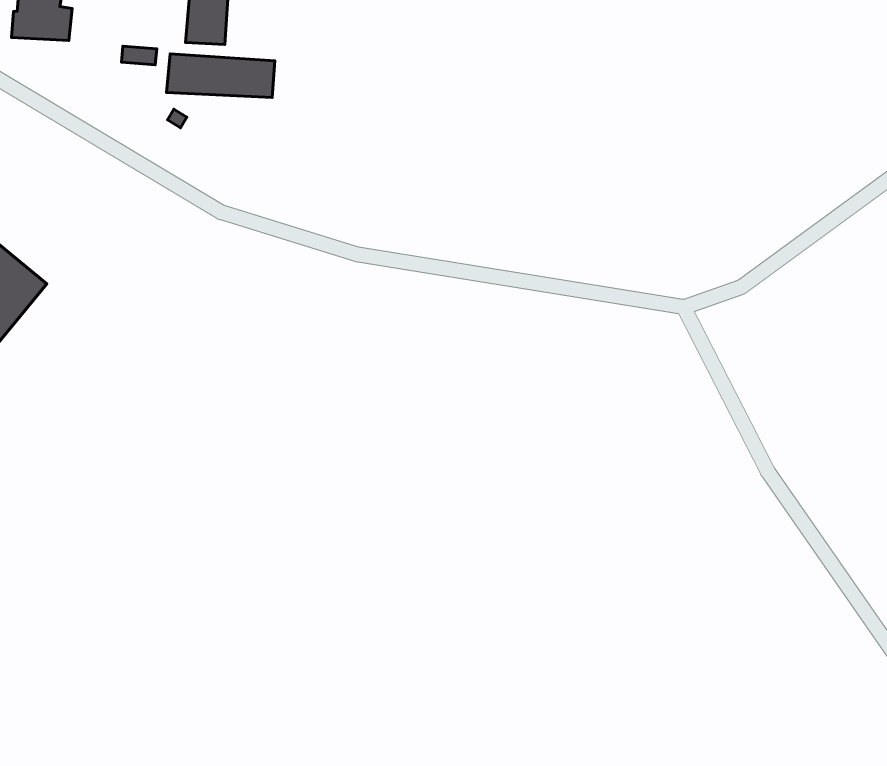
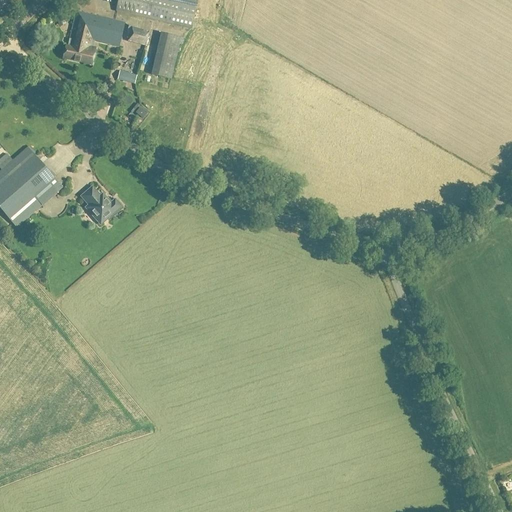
building: [167,54,275,98] -> none
building: none -> [81,185,120,222]

